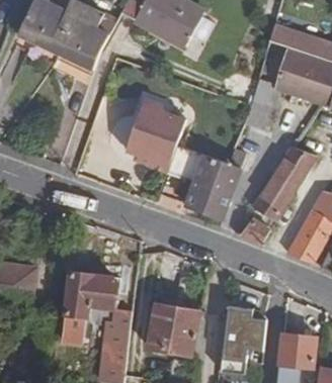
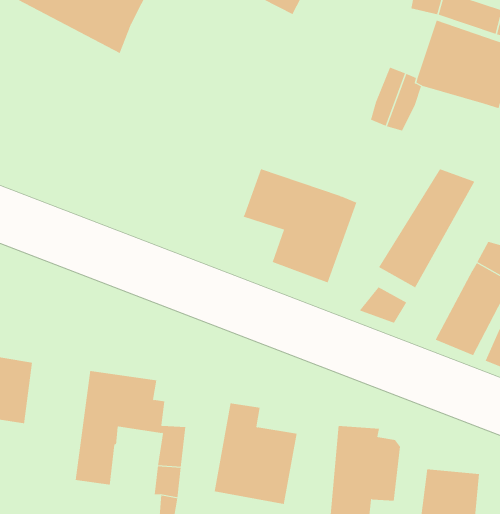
building: [127,91,193,173] -> none

